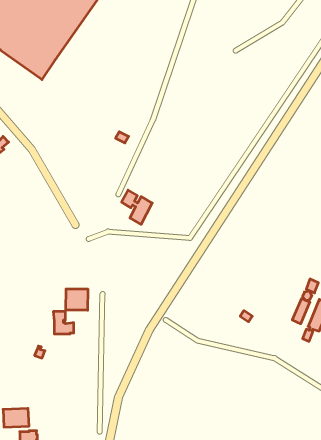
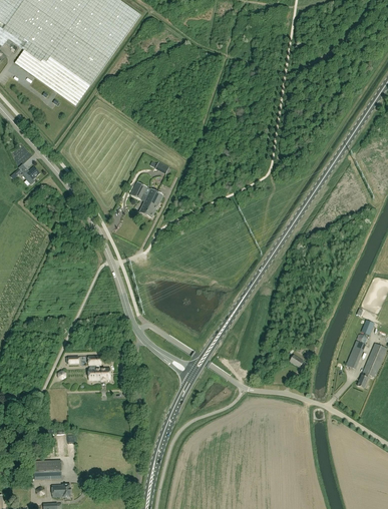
building: [122,190,152,224] -> [130,180,163,217]
building: [66,289,88,310] -> none

